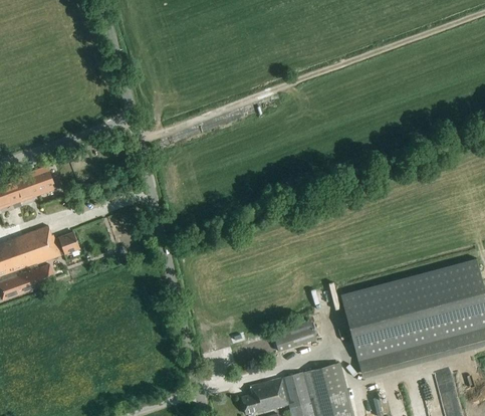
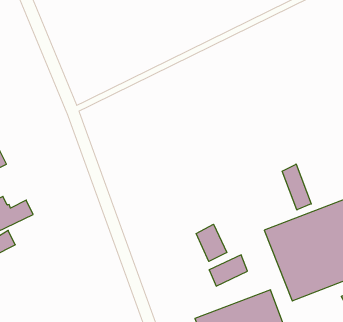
building: none -> [282,164,311,210]
building: none -> [196,224,227,261]

